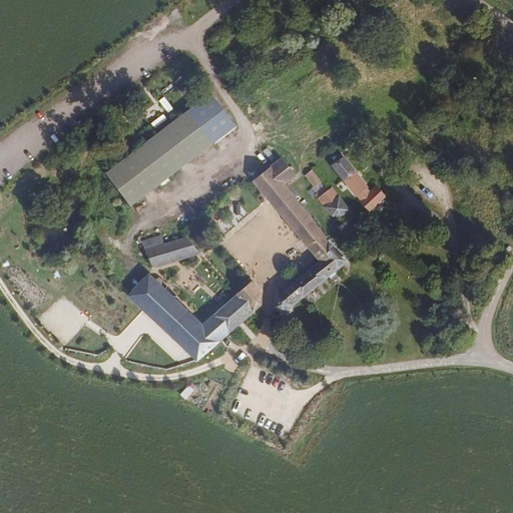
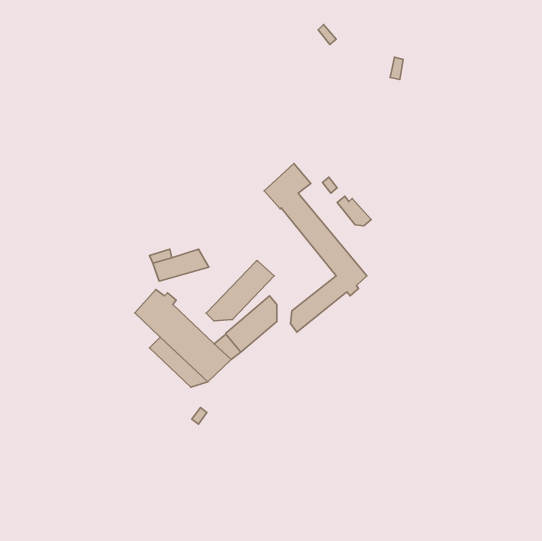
building: [105,87,242,205] -> none
building: [332,152,383,204] -> none
building: none -> [206,261,274,321]

